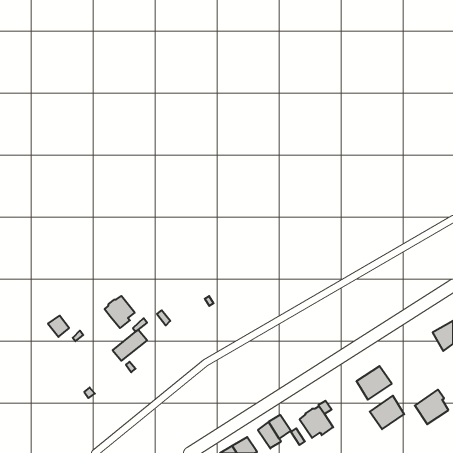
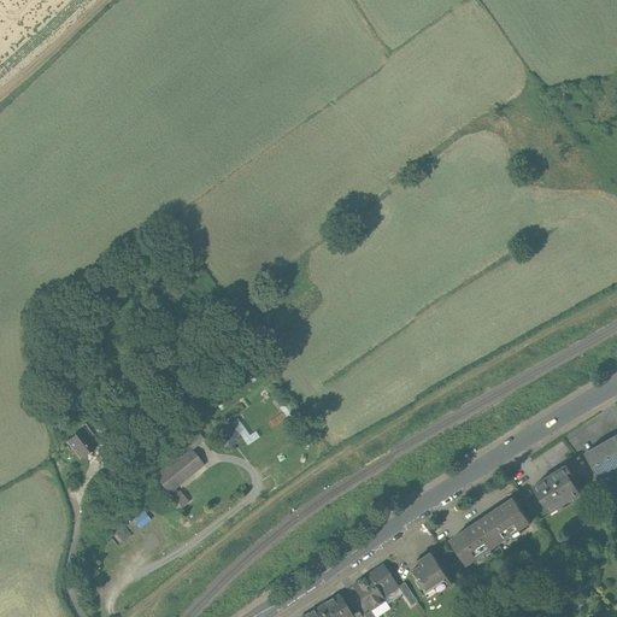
building: [105,296,135,328] -> none
building: [415,390,448,424] -> [536,464,582,511]
building: [370,396,404,429] -> [453,518,500,564]

